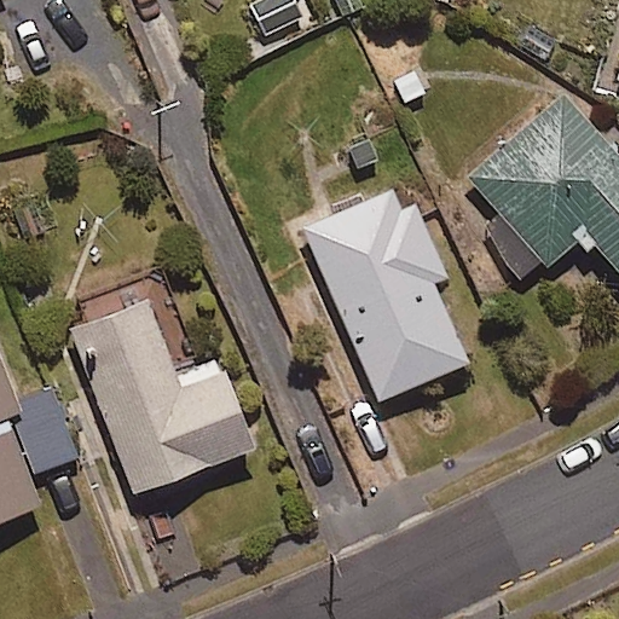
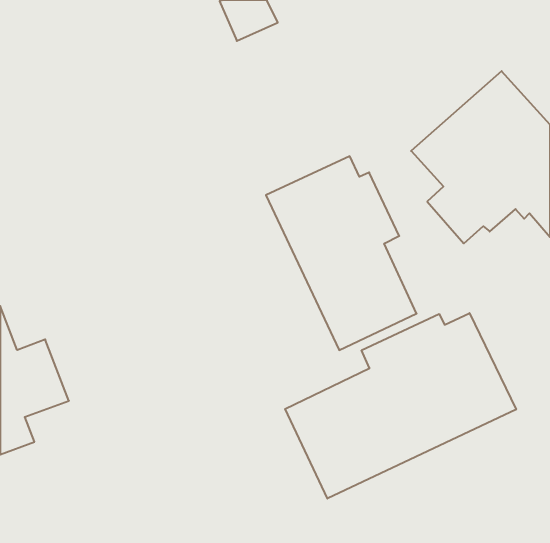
building: [68,301,255,497] -> none
building: none -> [285,313,516,499]

